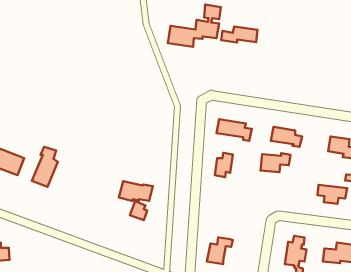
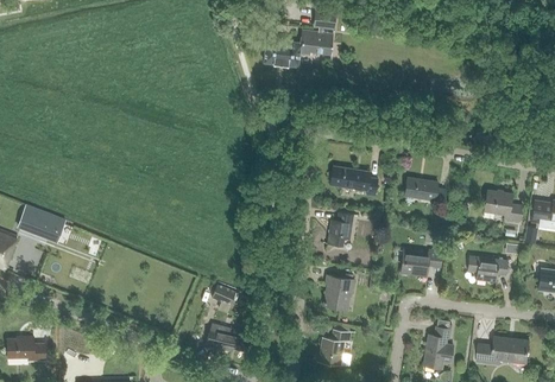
building: [221,26,257,43] -> none
building: [32,147,58,187] -> none
building: [260,153,291,172] -> [401,249,442,275]
building: [119,181,153,201] -> [204,324,251,351]
building: none -> [322,274,353,310]

